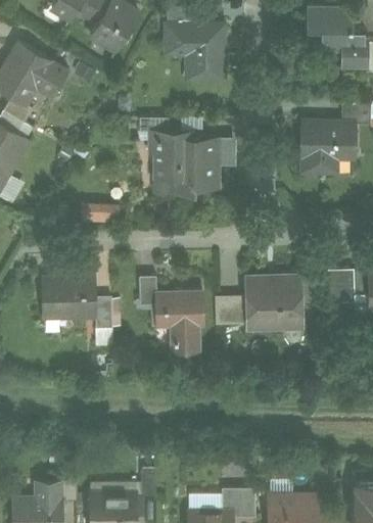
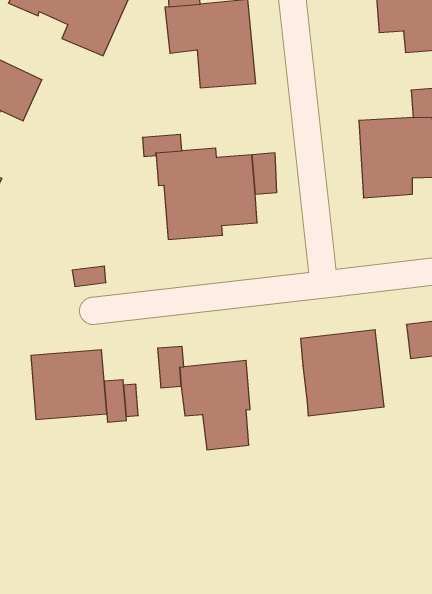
building: [214,297,246,326] -> none

